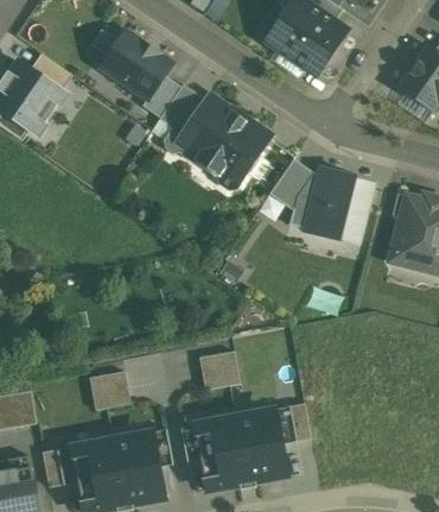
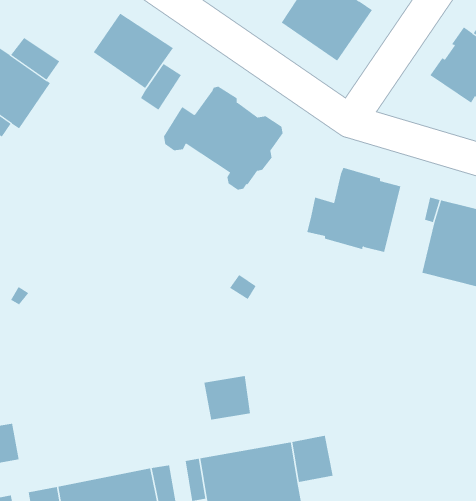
building: [159,82,205,126] -> none
building: [268,157,318,209] -> none
building: [88,372,129,410] -> none

